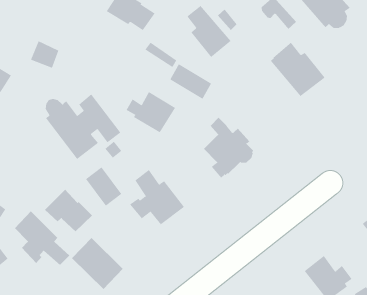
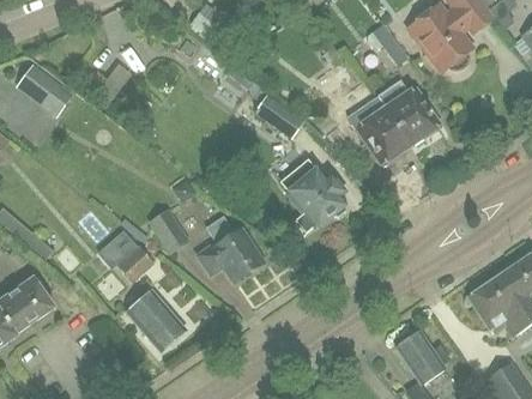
building: [186,5,231,58] -> [356,98,406,161]
building: [126,91,176,133] -> none
building: [45,93,121,160] -> none
building: [14,211,70,266] -> none

